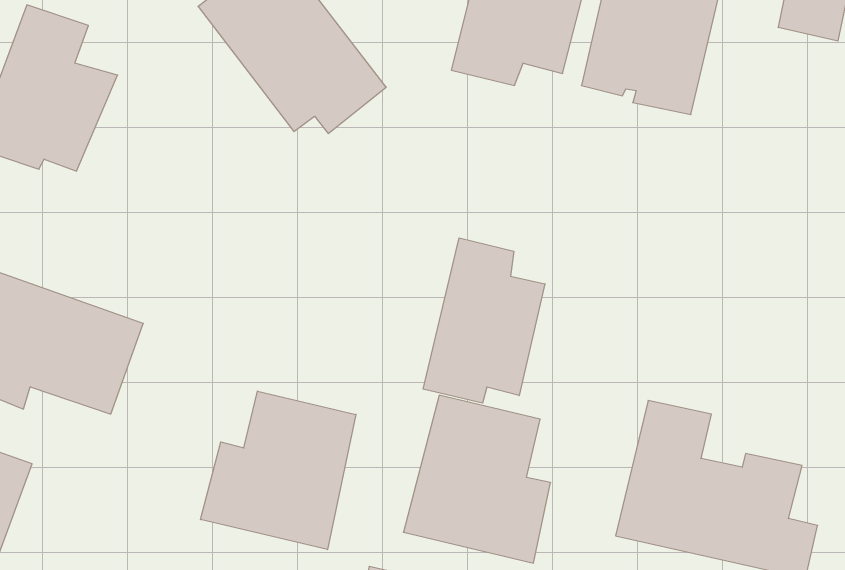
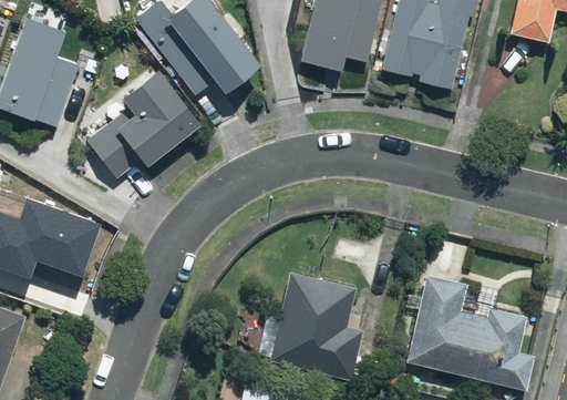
building: none -> [73,61,209,187]
building: [423,238,545,403] -> none
building: [201,391,356,550] -> none

